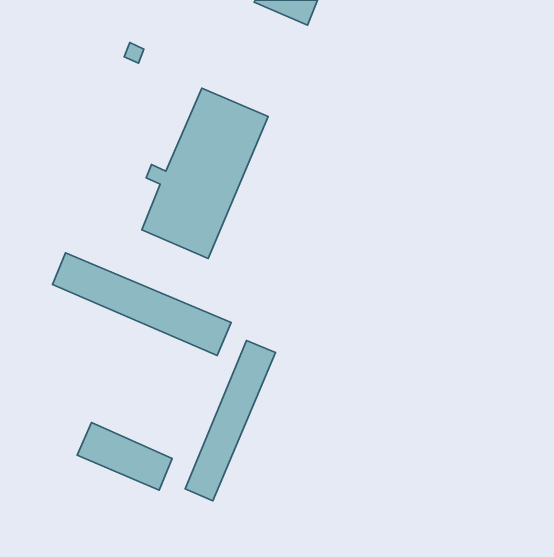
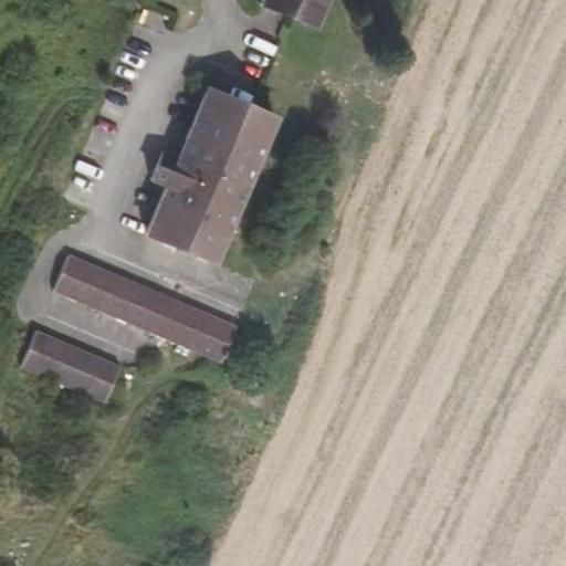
building: [185,340,276,501] -> none
building: [77,422,172,490] -> [24,332,120,400]

